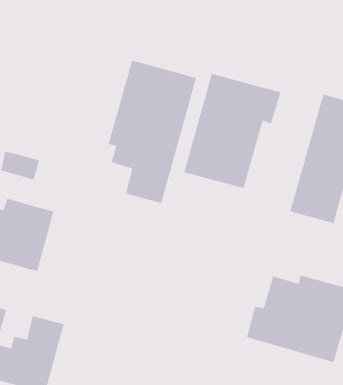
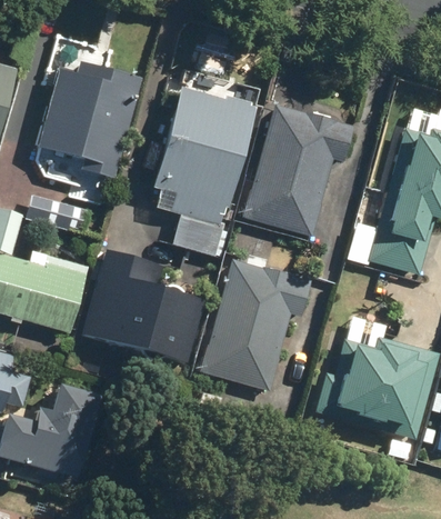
building: none -> [38,62,141,177]
building: none -> [81,247,207,366]
building: none -> [199,258,311,393]

